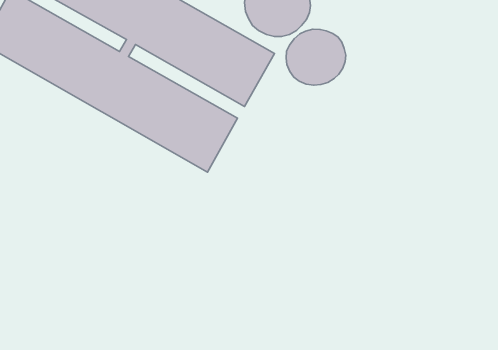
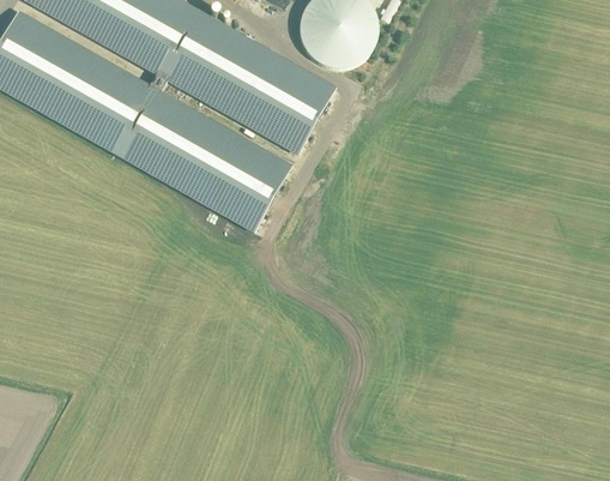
building: [286,29,346,85] -> none

